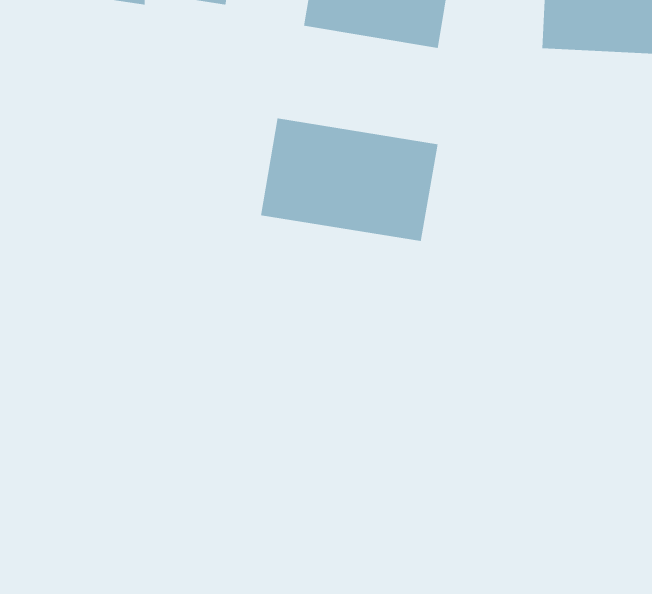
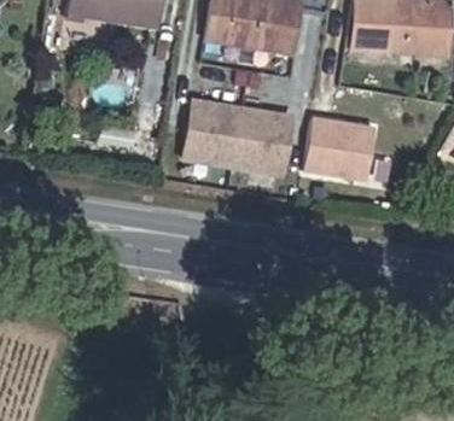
building: none -> [302,115,376,183]

